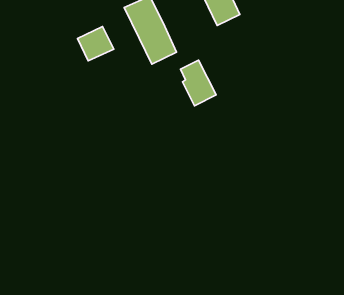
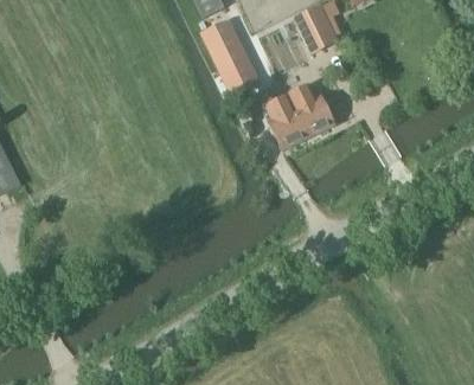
building: [78,26,114,61] -> none
building: none -> [287,82,334,134]

